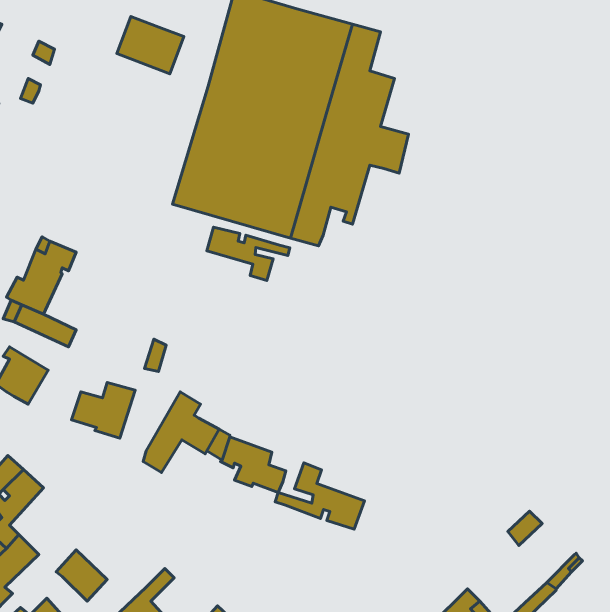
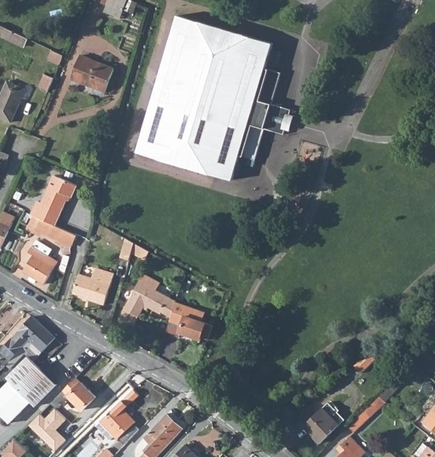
building: [117,16,184,74] -> [69,55,112,92]
building: [207,227,290,281] -> none
building: [275,463,365,529] -> none

